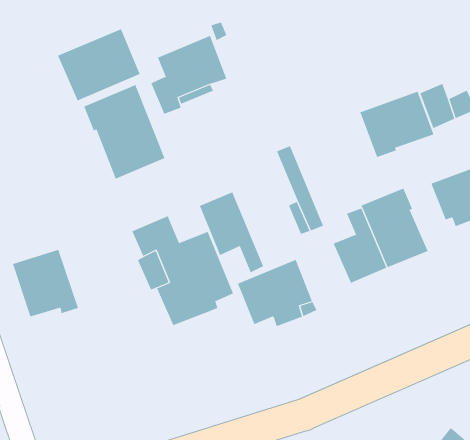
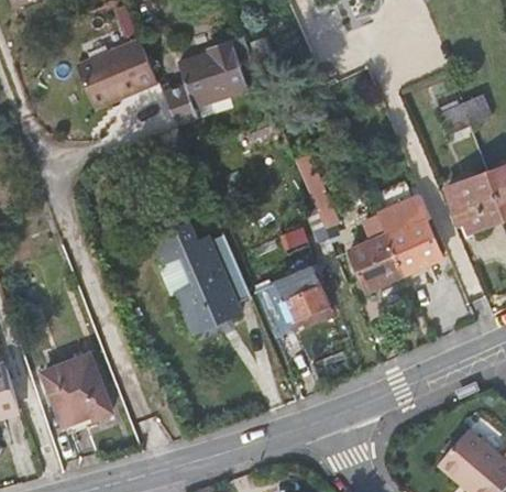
building: [83,84,165,179] -> none
building: [360,91,434,158] -> none
building: [199,191,264,273] -> none
building: [12,249,79,317] -> [44,351,110,418]

